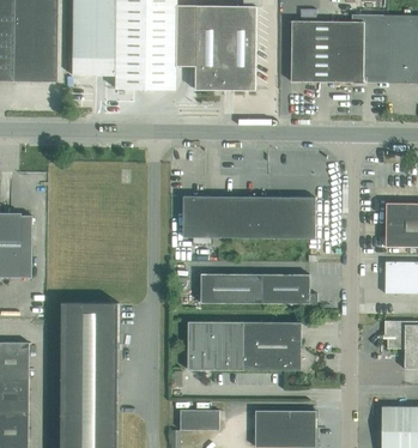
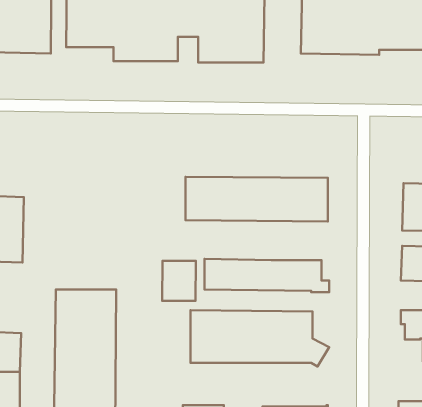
building: none -> [162,261,196,301]

